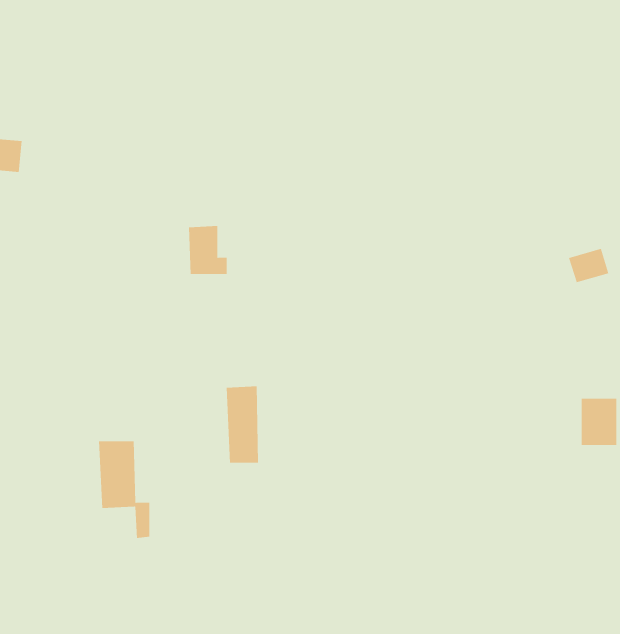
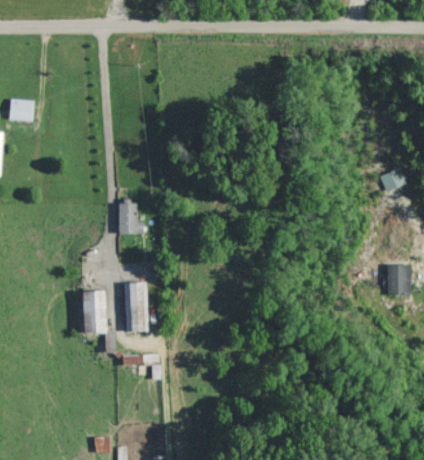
building: [188,226,228,275] -> [118,203,143,234]
building: [226,386,259,463] -> [124,282,145,331]

